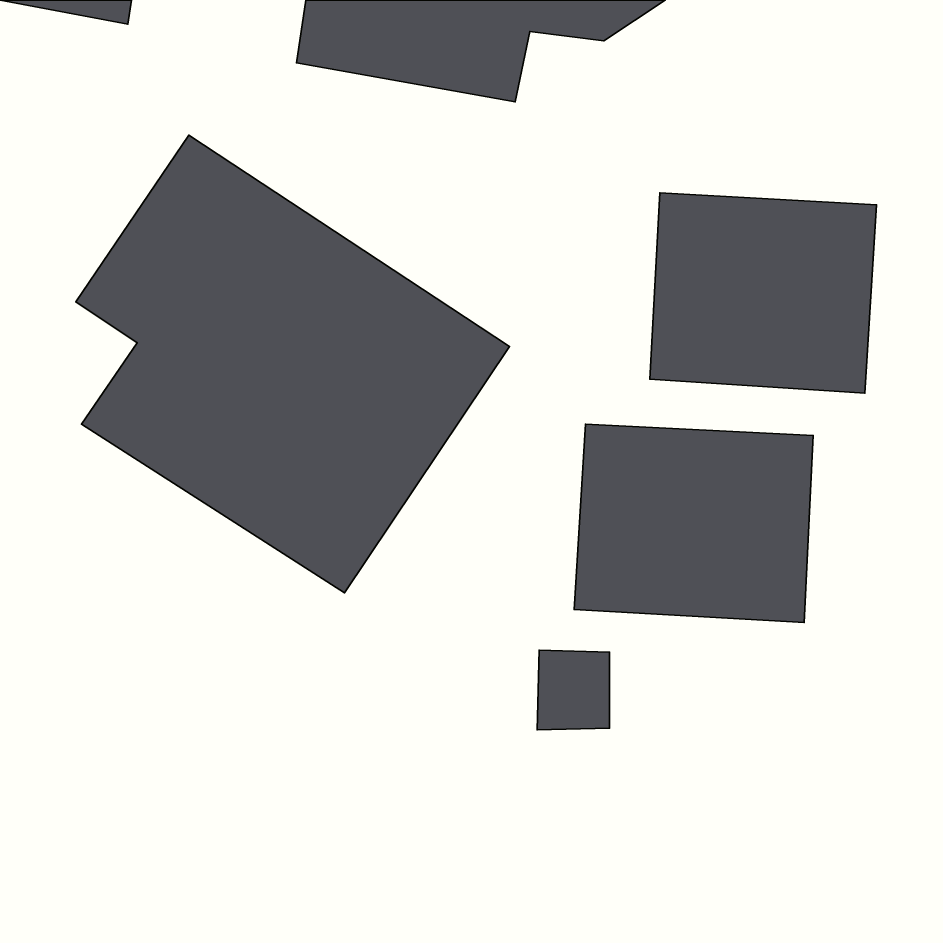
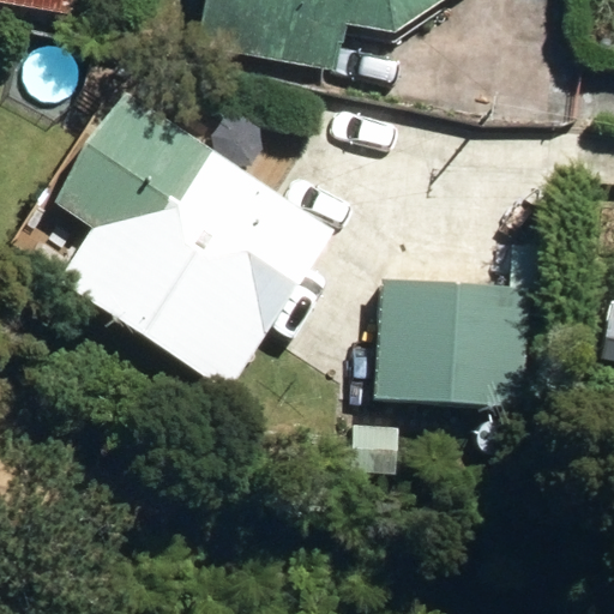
building: [650,193,877,393] -> none

